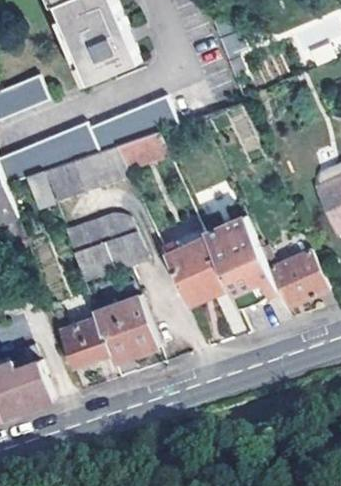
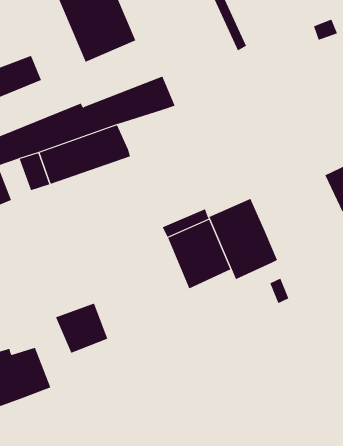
building: [119,131,173,169] -> none
building: [65,214,149,282] -> none
building: [262,230,330,306] -> none
building: [95,295,156,363] -> none

